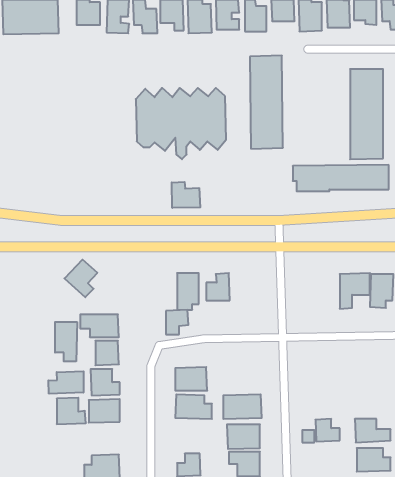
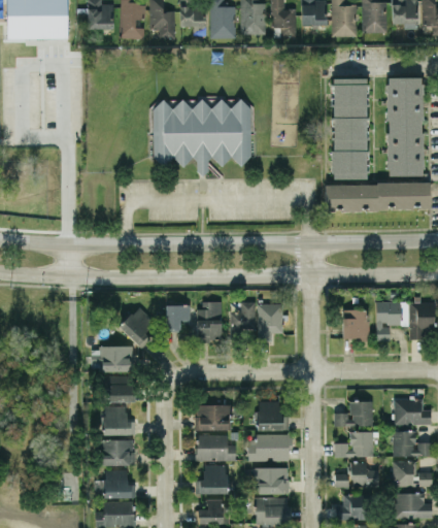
building: [250,56,283,149] -> [332,77,368,179]
building: [172,182,200,208] -> none
building: [64,260,97,297] -> [119,306,155,348]
building: none -> [258,303,282,340]
building: none -> [343,309,368,339]
building: [166,310,188,334] -> [166,304,191,331]
building: [55,322,77,361] -> none
building: none -> [394,398,432,425]
building: none -> [257,400,289,430]
building: none -> [334,400,373,426]
building: [48,371,84,394] -> none
building: none -> [393,430,432,457]
building: none -> [335,431,373,457]
building: [57,398,86,424] -> [104,469,136,498]
building: none -> [196,465,228,494]
building: none -> [335,494,367,520]

